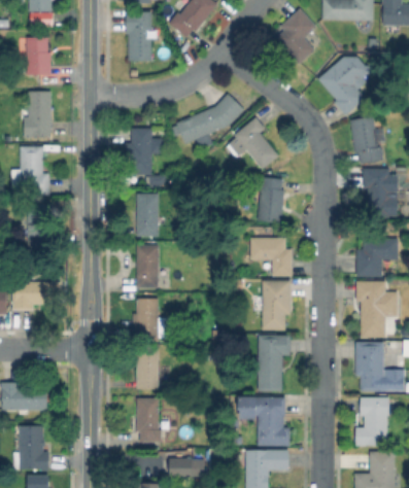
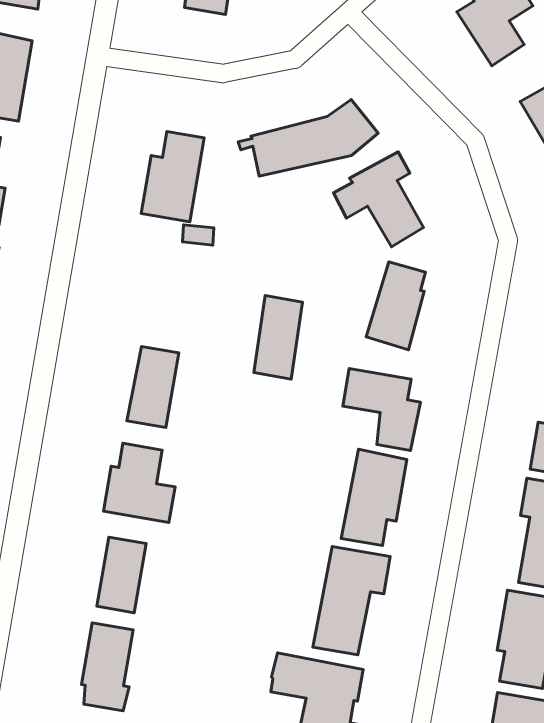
building: [136,194,158,236] -> [254,296,302,379]

